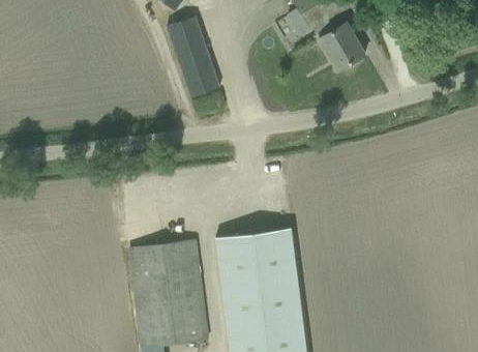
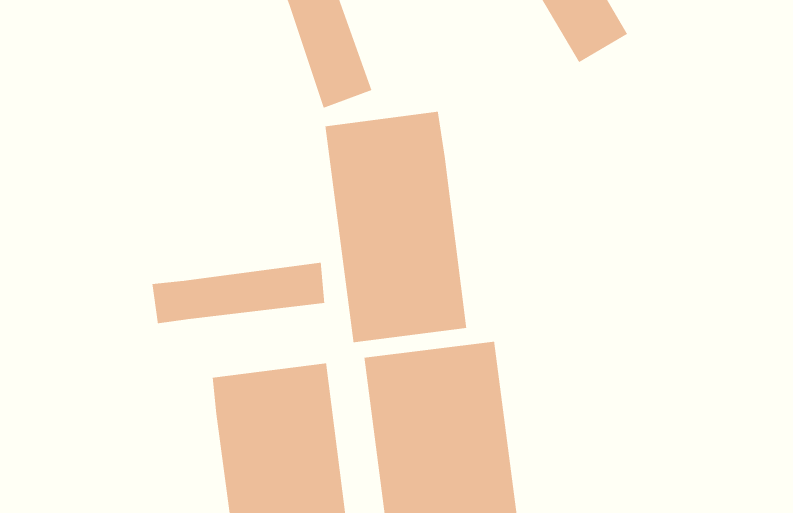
building: none -> [325,111,467,343]
building: none -> [151,262,325,324]

